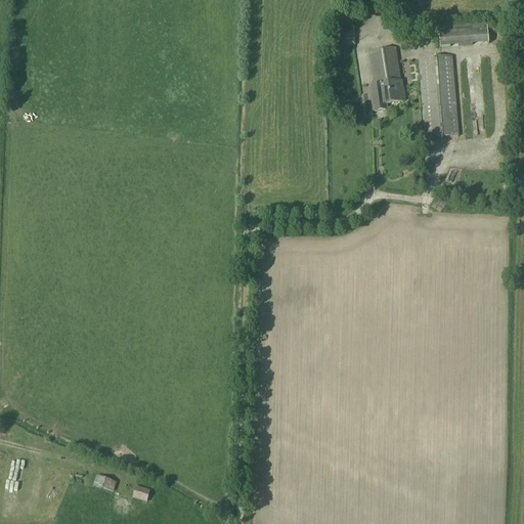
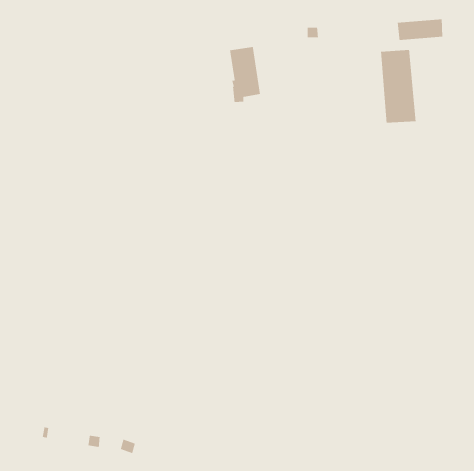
building: [369,46,404,108] -> [229,46,261,103]

